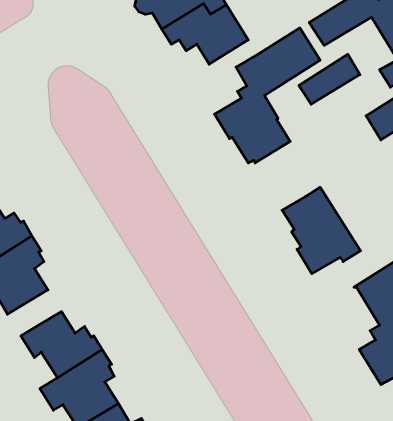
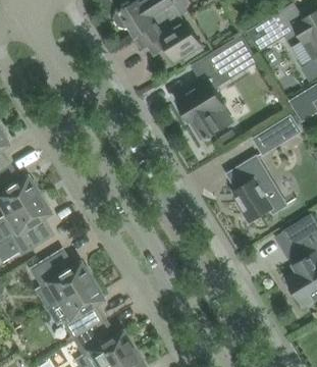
building: [299,54,360,104] -> [253,116,299,154]

